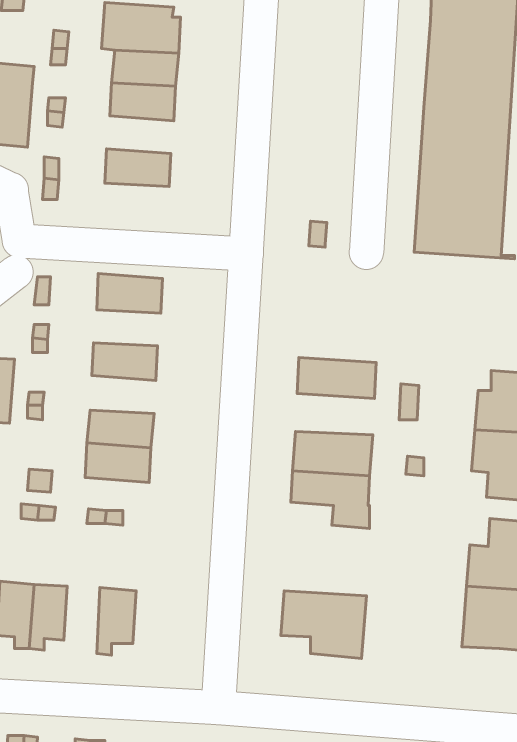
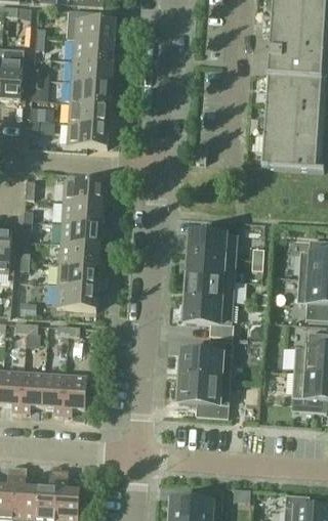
building: none -> [69,80,111,103]
building: none -> [67,122,108,146]
building: none -> [60,201,102,223]
building: none -> [58,242,99,265]
building: none -> [187,253,236,278]
building: none -> [179,340,233,379]
building: none -> [42,373,65,415]

